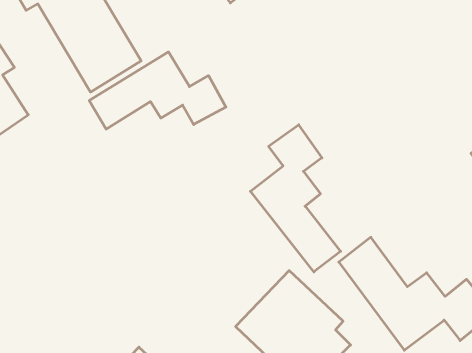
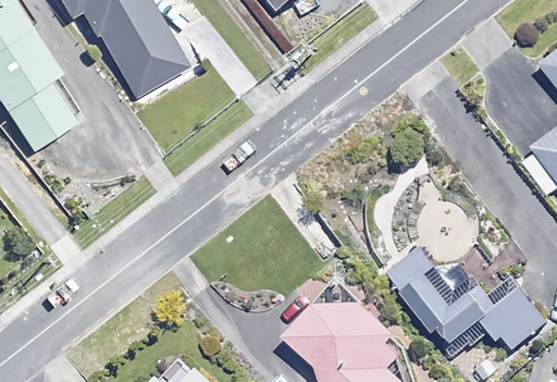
building: [89,52,226,129] -> none
building: [250,125,341,272] -> none

